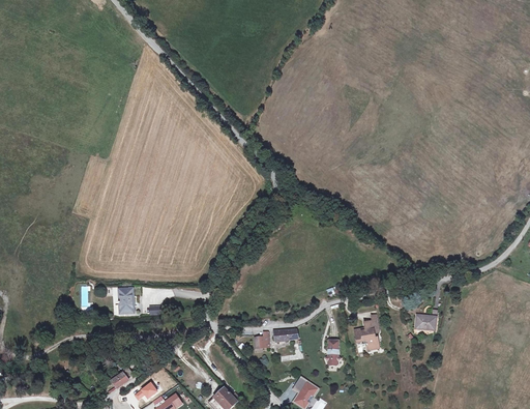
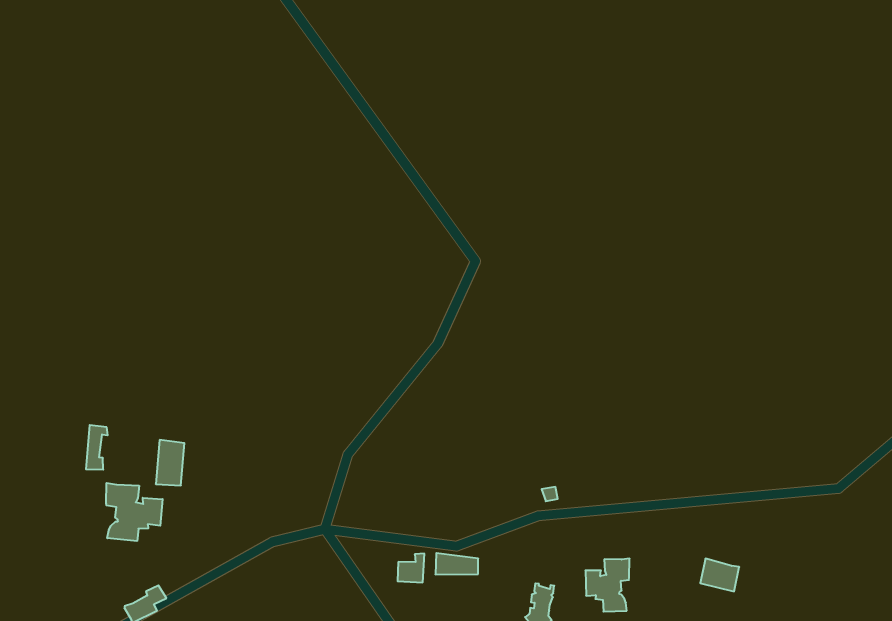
building: none -> [106,483,163,541]

